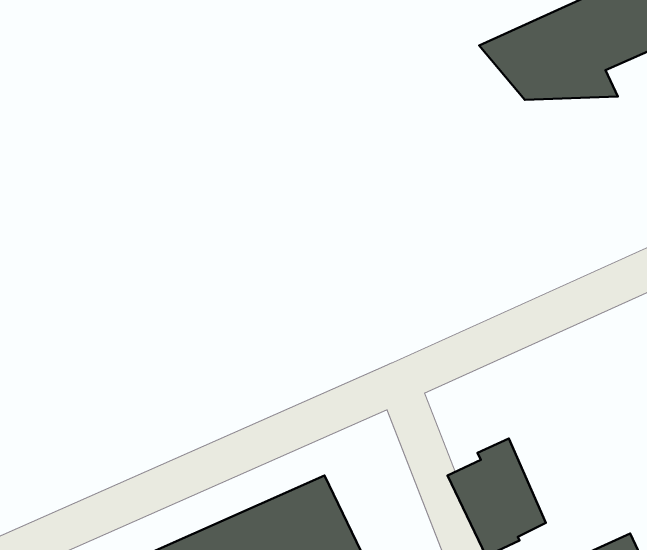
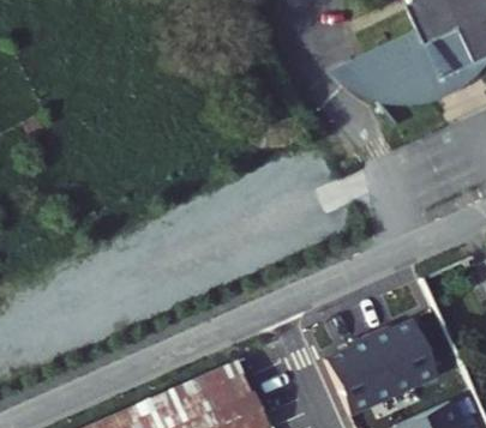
building: none -> [370,320,440,393]

